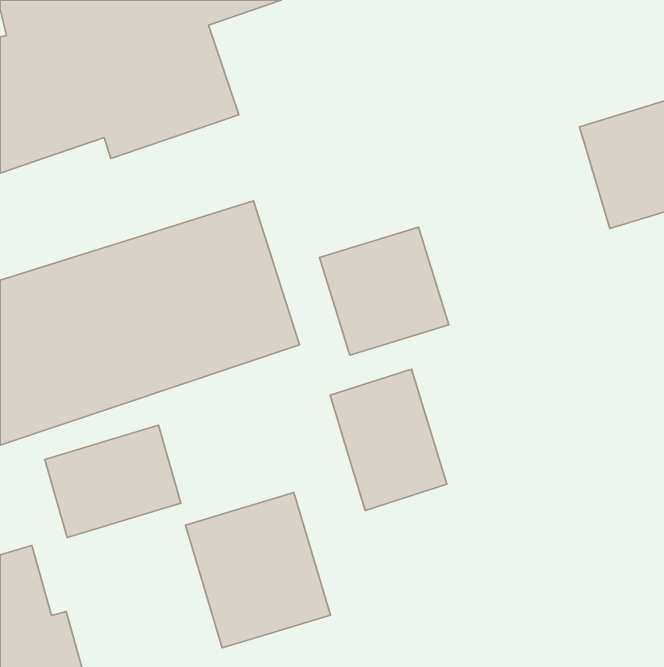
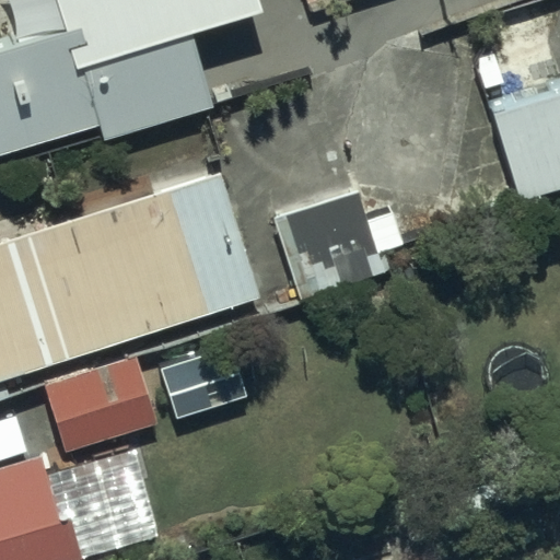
building: [330,369,447,510] -> none
building: [185,492,330,648] -> none

